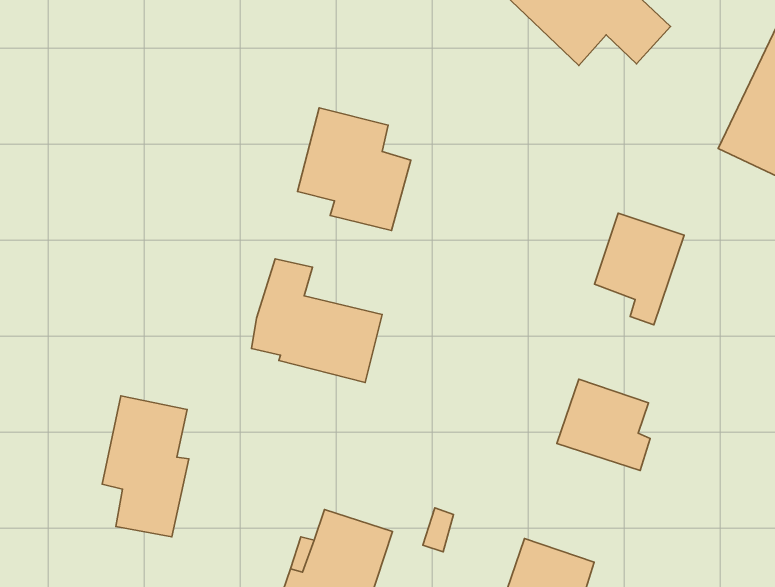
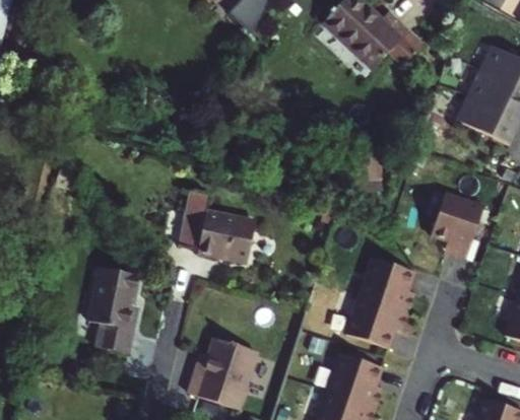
building: [297,108,411,230] -> none
building: [594,213,684,325] -> [431,193,484,260]
building: none -> [345,297,408,350]

